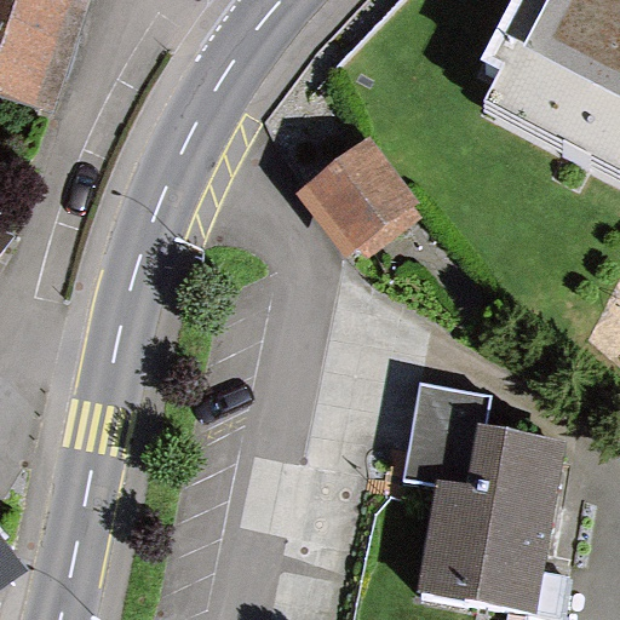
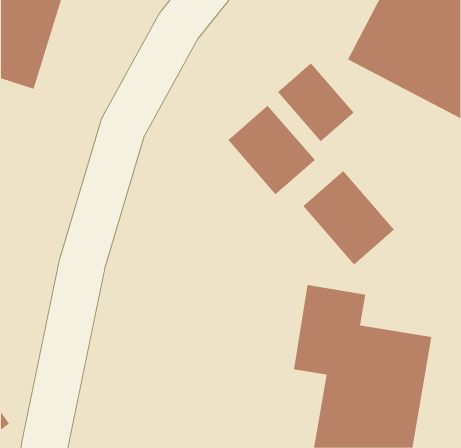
building: none -> [277,63,355,142]
building: none -> [302,170,395,265]

